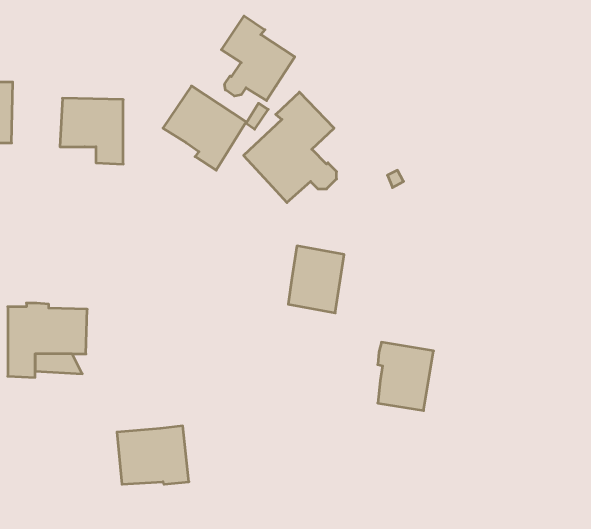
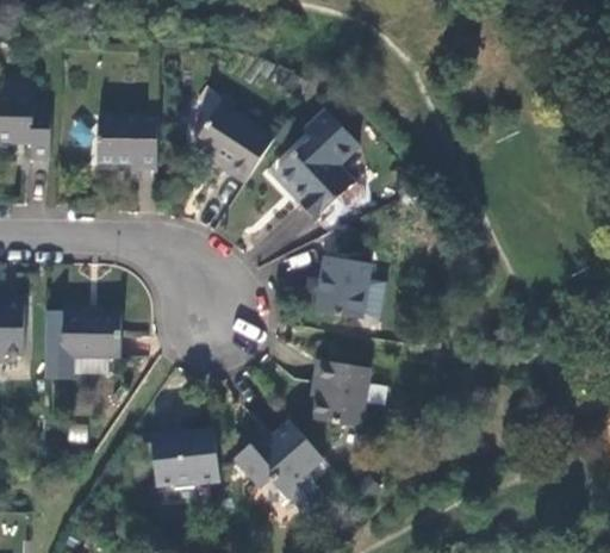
building: [221,16,295,101] -> none
building: [378,342,434,411] -> [313,362,367,428]
building: none -> [234,421,319,509]

